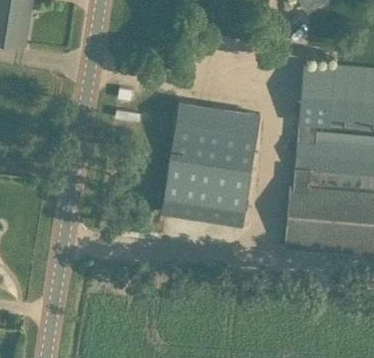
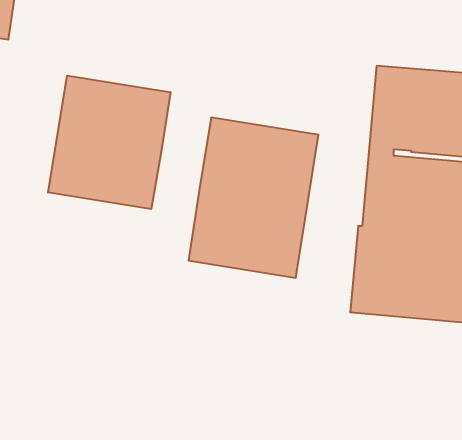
building: none -> [48,76,170,209]

